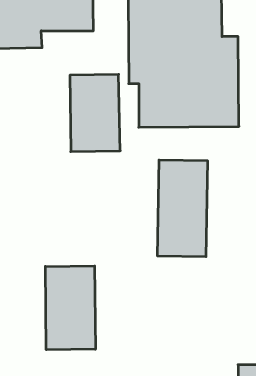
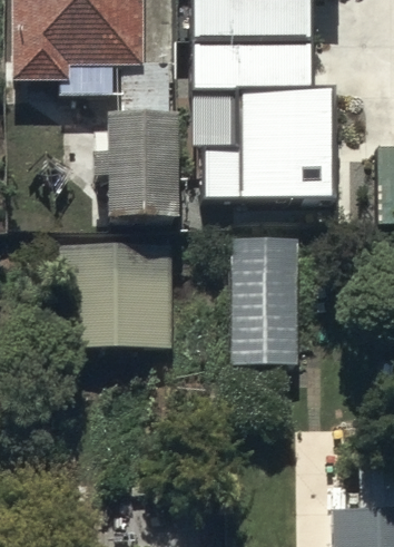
building: none -> [58,245,171,349]
building: [45,266,95,350] -> none

